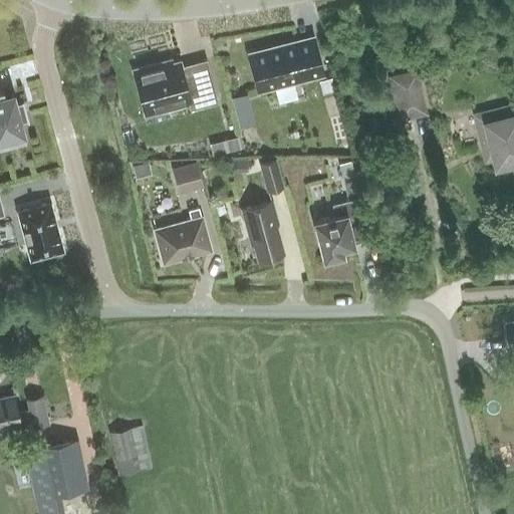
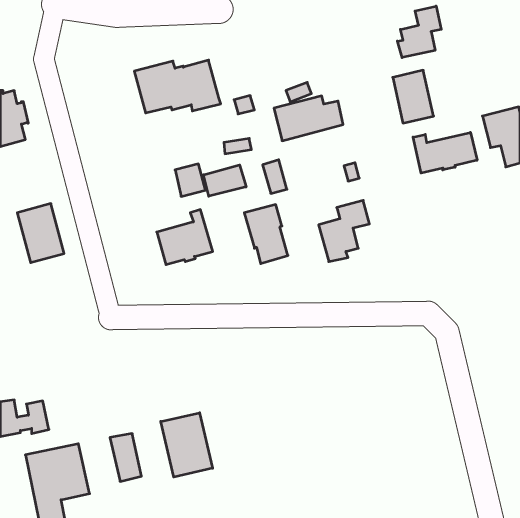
building: none -> [397,6,441,58]
building: [251,45,319,89] -> [274,96,343,141]
building: none -> [413,132,477,173]
building: none -> [204,165,246,196]
building: none -> [161,413,213,477]

